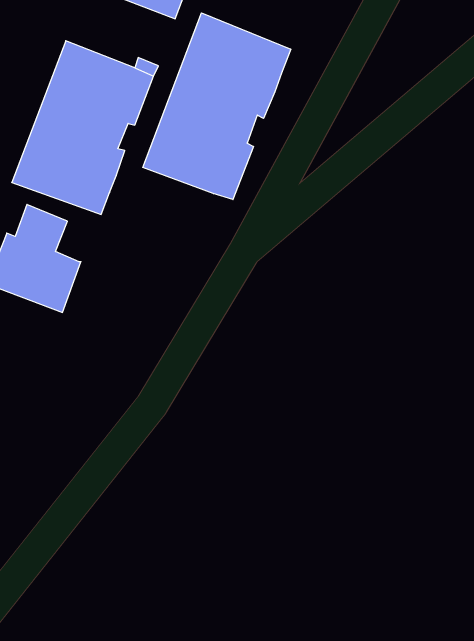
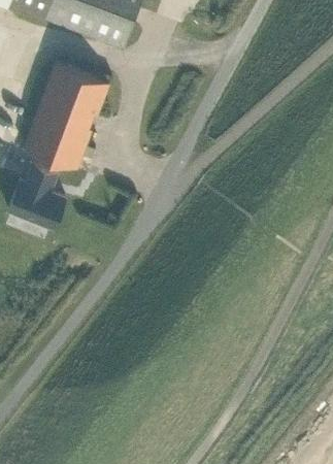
building: [143,13,291,200] -> none

